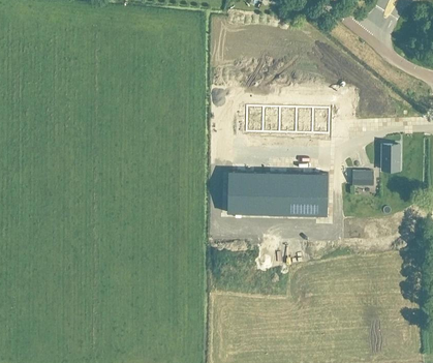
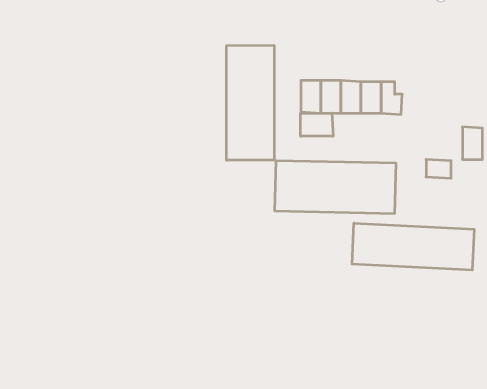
building: none -> [227,45,274,160]
building: none -> [301,113,333,136]
building: none -> [352,223,474,270]

